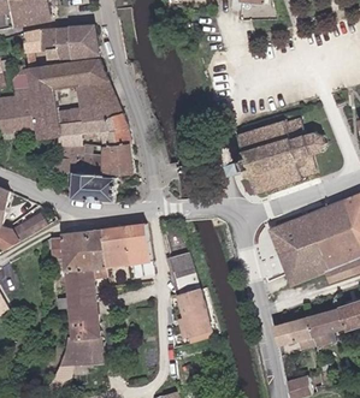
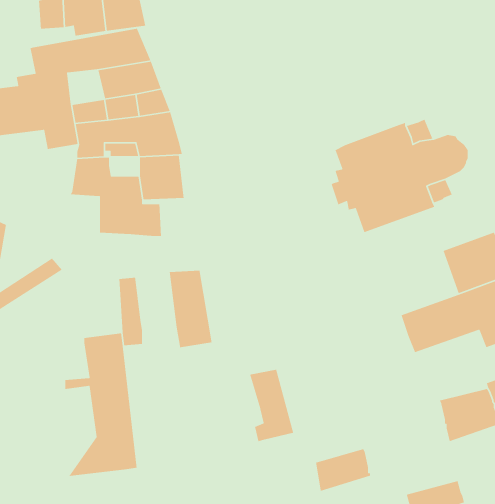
building: [270,210,320,255] -> none
building: [98,225,125,266] -> none
building: [46,230,88,274] -> none
building: [165,250,194,292] -> none
building: [273,314,312,344] -> [315,448,371,492]

